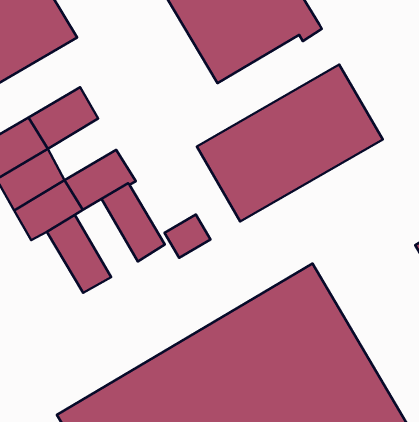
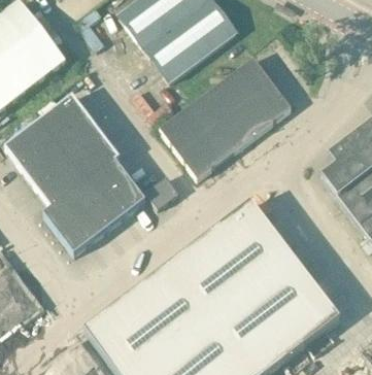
building: none -> [55,114,103,161]
building: none -> [79,171,128,226]
building: none -> [43,199,92,252]

